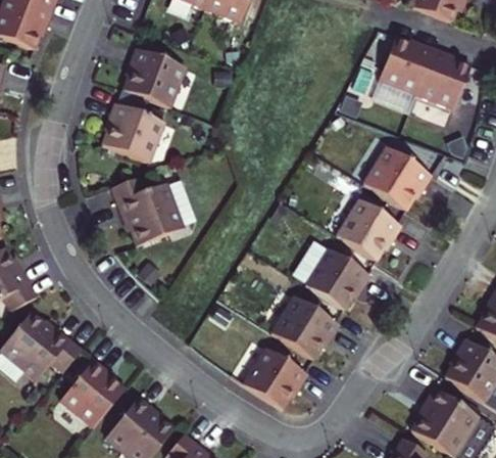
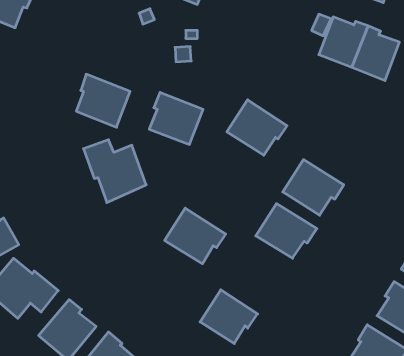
building: [122,48,184,107] -> [149,92,203,144]
building: [367,149,436,213] -> [227,100,287,155]
building: [275,299,344,362] -> [165,208,226,264]

